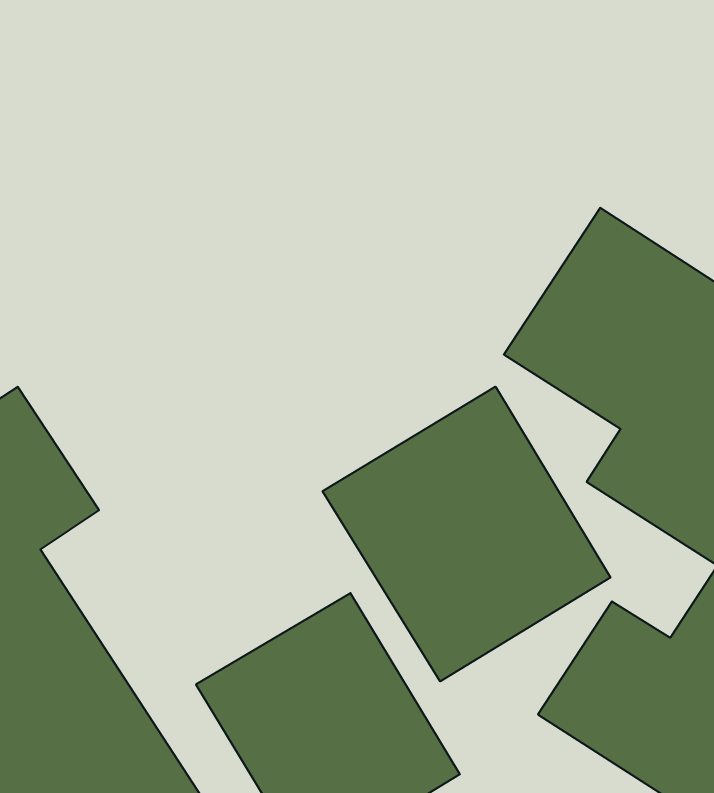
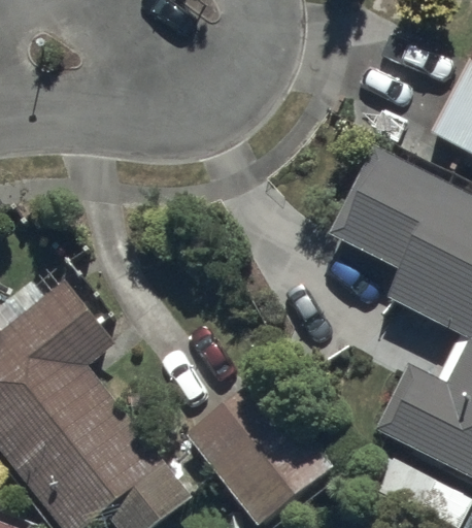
building: [323,387,610,681] -> none

